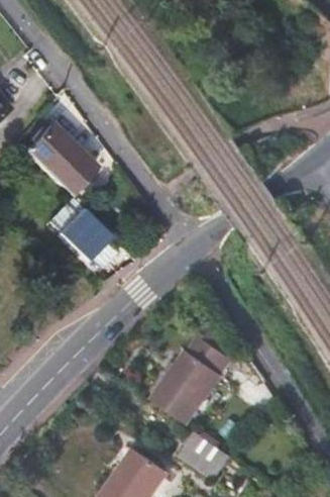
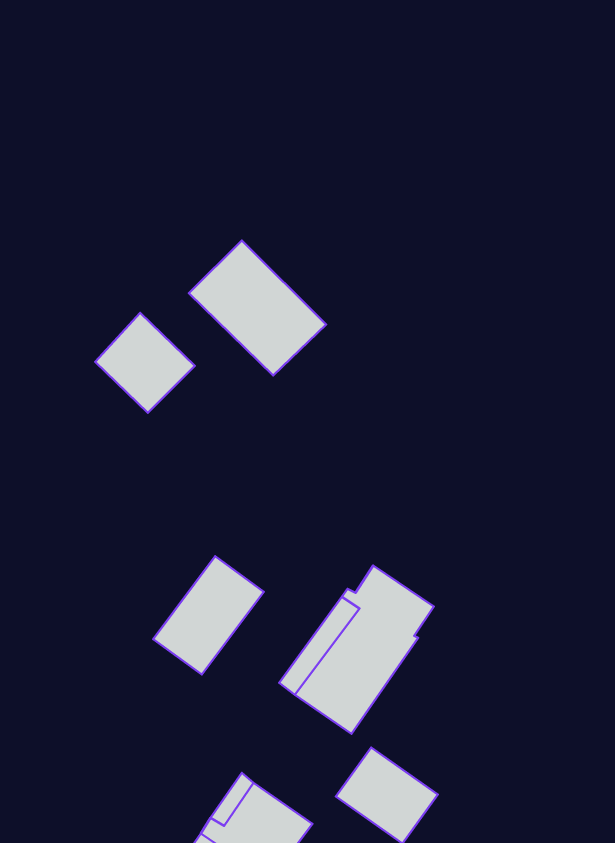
building: [24,125,95,195] -> [189,240,326,375]
building: none -> [153,556,264,675]

